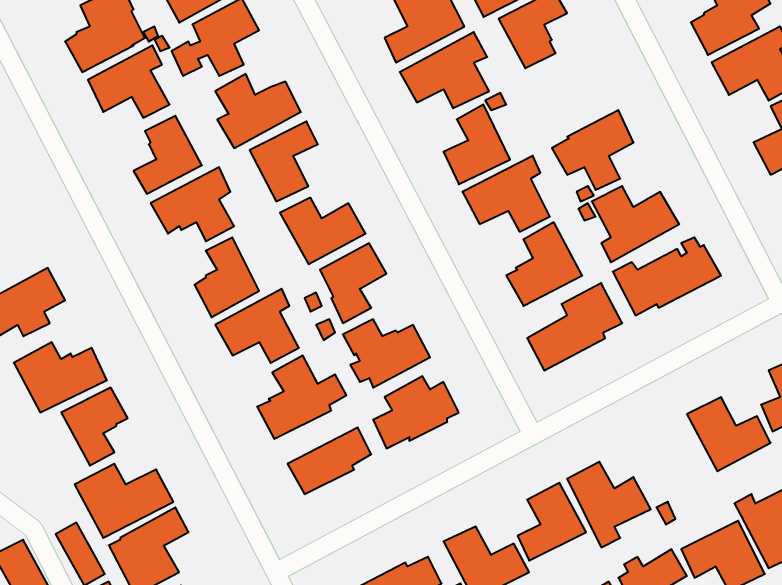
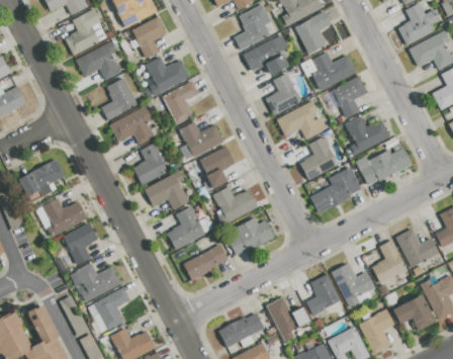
building: none -> [300,52,357,90]
building: none -> [372,239,407,283]

